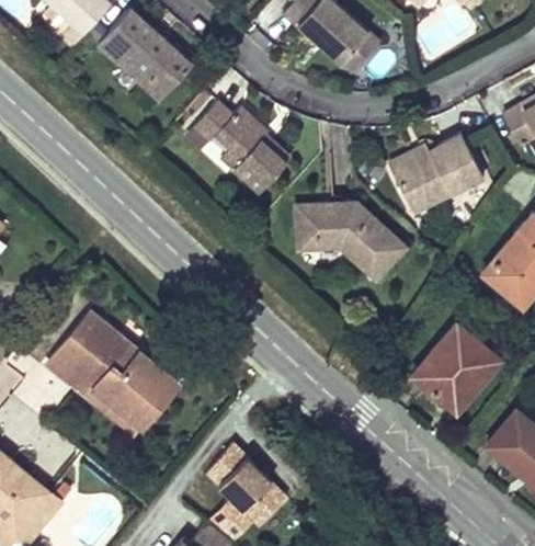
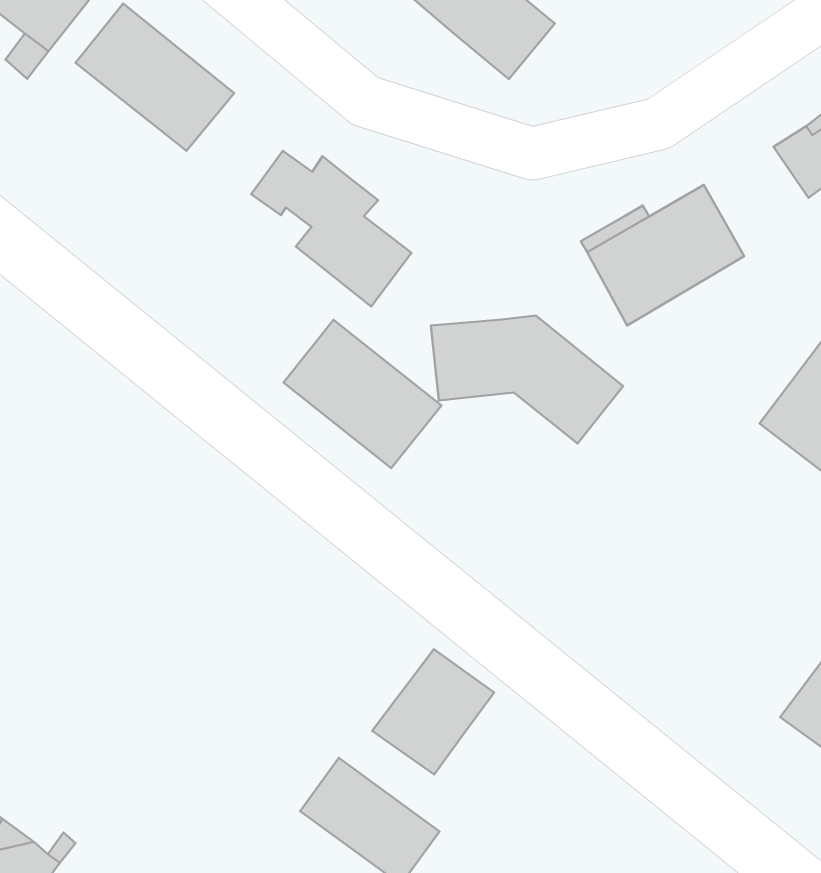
building: none -> [283,320,441,468]
building: [46,315,178,430] -> none
building: [411,323,498,411] -> none
building: none -> [372,649,494,775]

